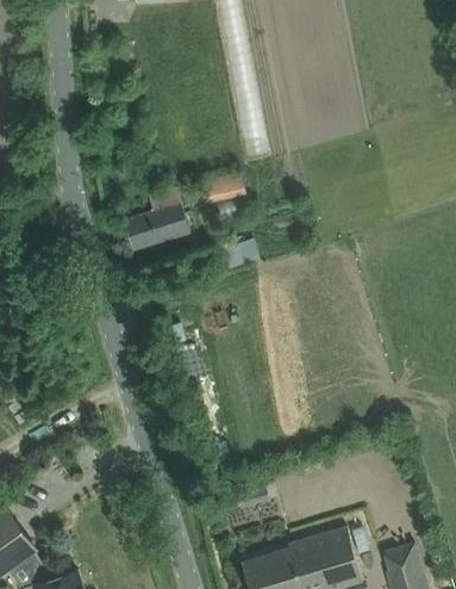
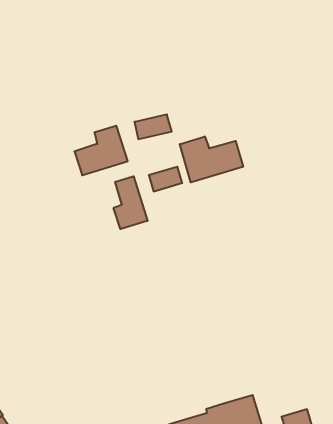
building: none -> [180,136,243,182]
building: none -> [114,176,148,229]

